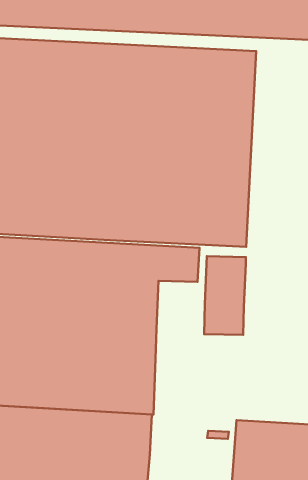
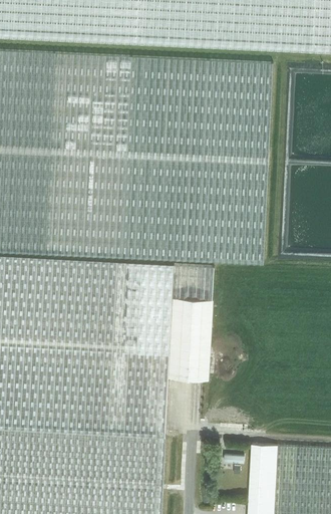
building: [204,256,246,335] -> [167,299,210,380]

